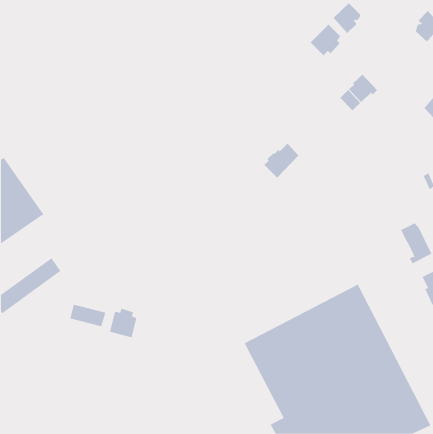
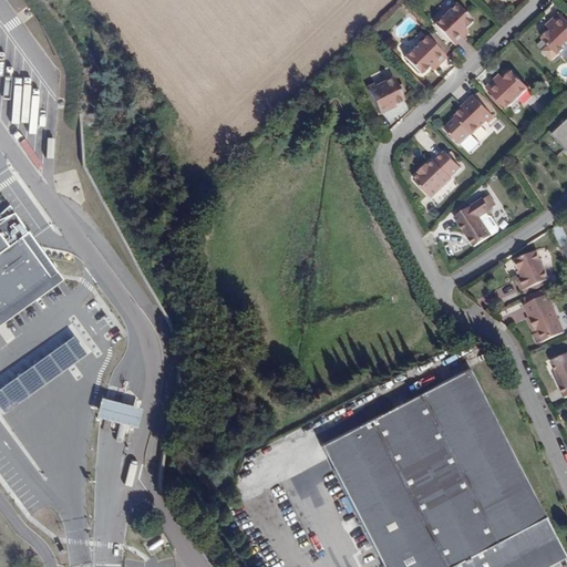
building: none -> [486,72,528,110]
building: none -> [365,76,404,114]
building: [264,143,299,179] -> [414,152,461,198]
building: none -> [456,196,497,246]
building: none -> [514,250,550,290]
building: [109,308,137,338] -> none

